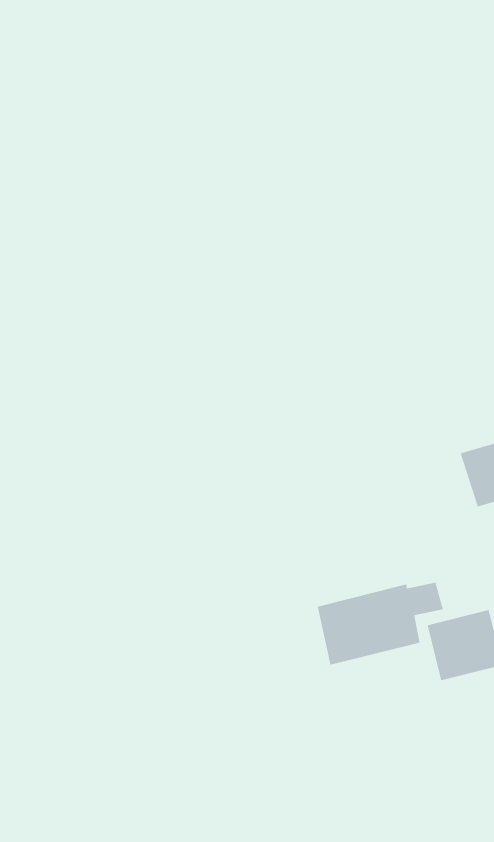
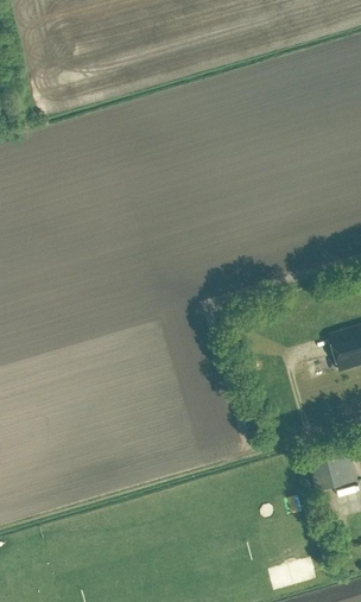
building: [317,582,444,666] -> none

